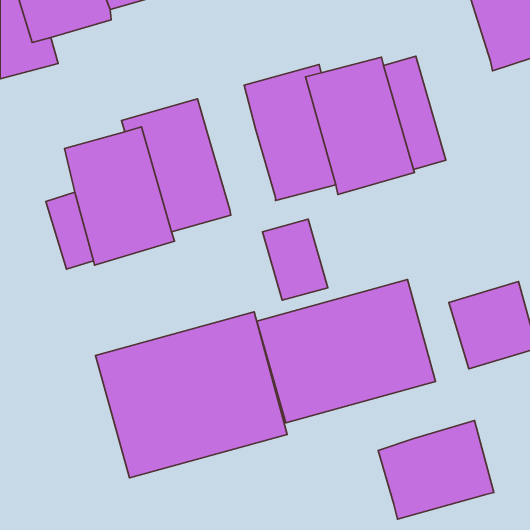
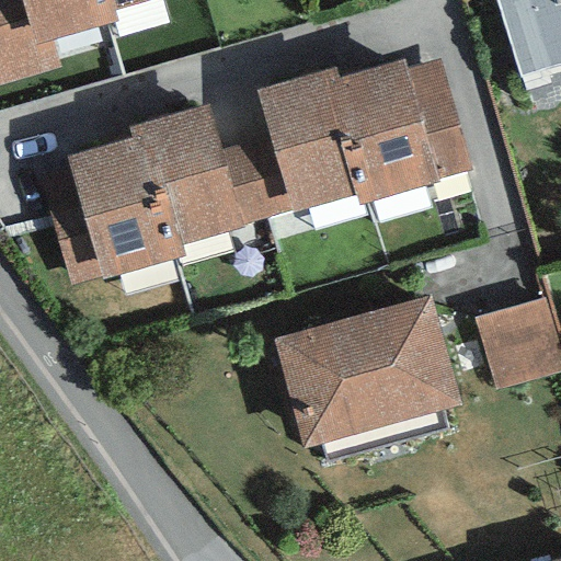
building: [262,219,328,300] -> [222,136,291,221]
building: [96,312,287,478] -> none
building: [378,420,494,519] -> none

